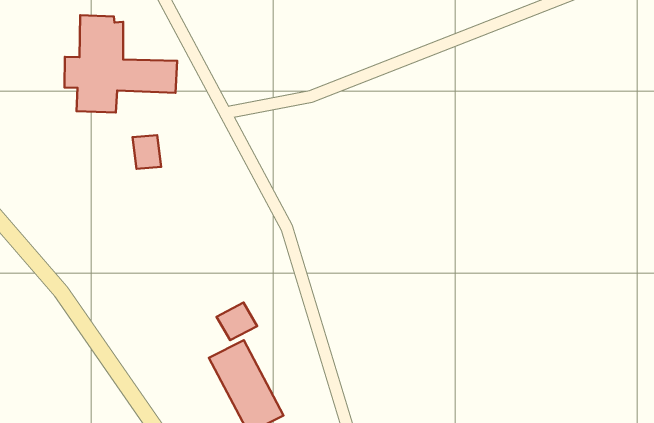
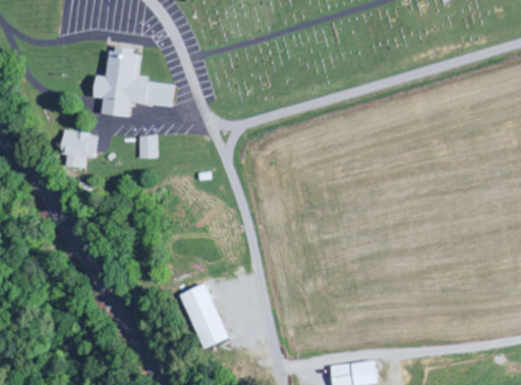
building: none -> [61,130,98,168]
building: [216,303,257,340] -> none

